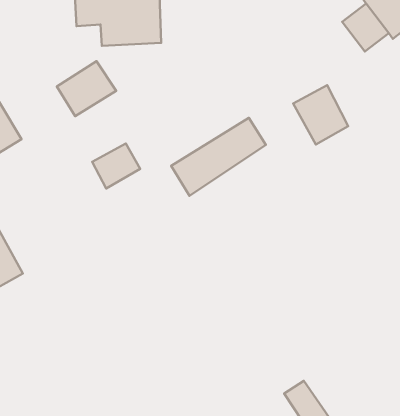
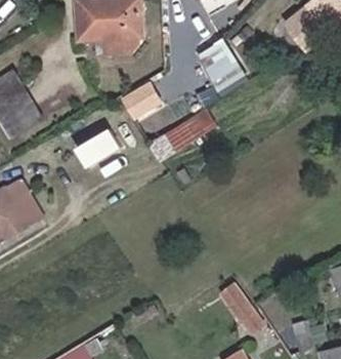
building: [57,61,116,116] -> [120,77,163,117]
building: [293,85,348,144] -> [204,44,244,87]

